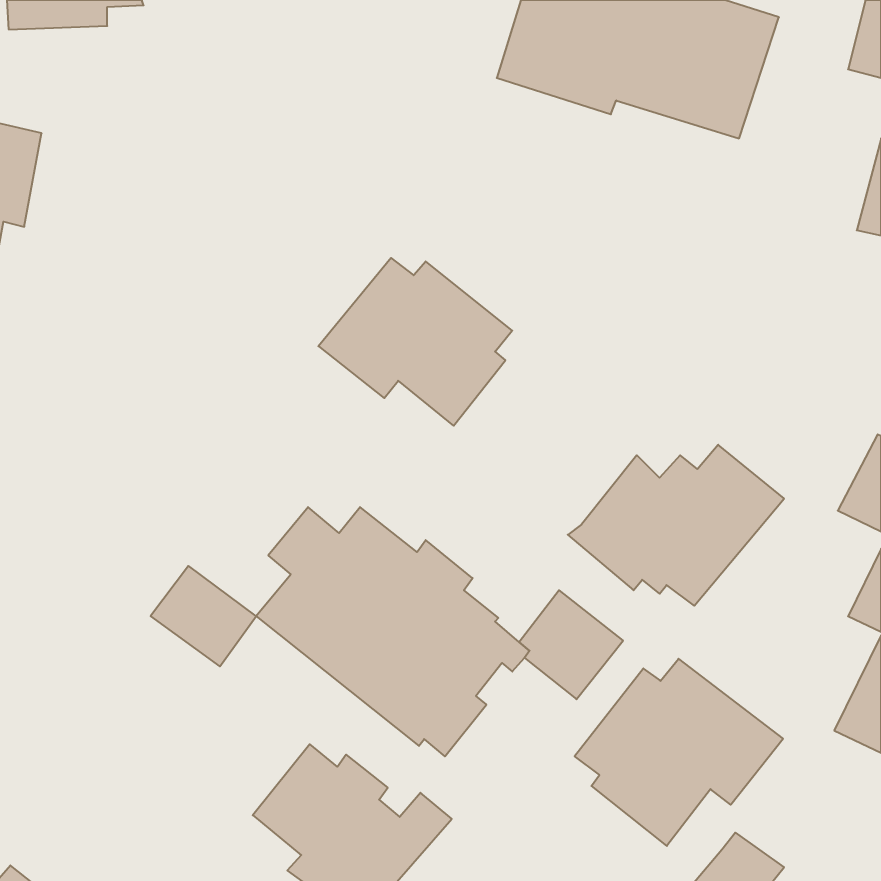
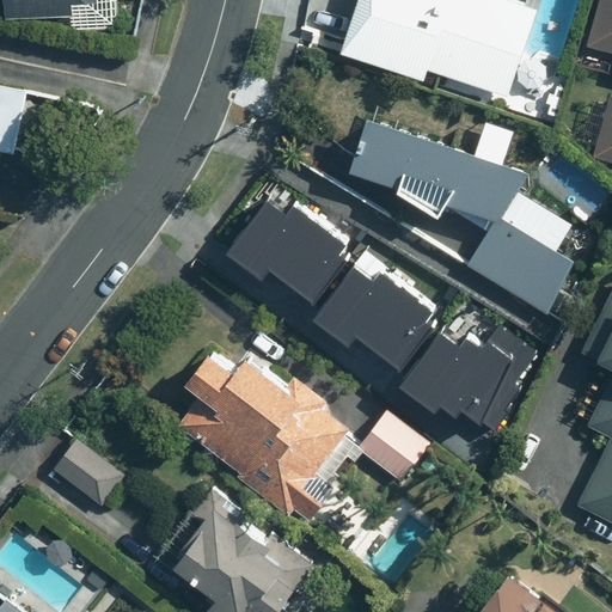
building: none -> [345,118,574,318]
building: none -> [307,246,440,365]
building: [151,566,256,666] -> [54,440,127,509]
building: [575,659,783,846] -> none

